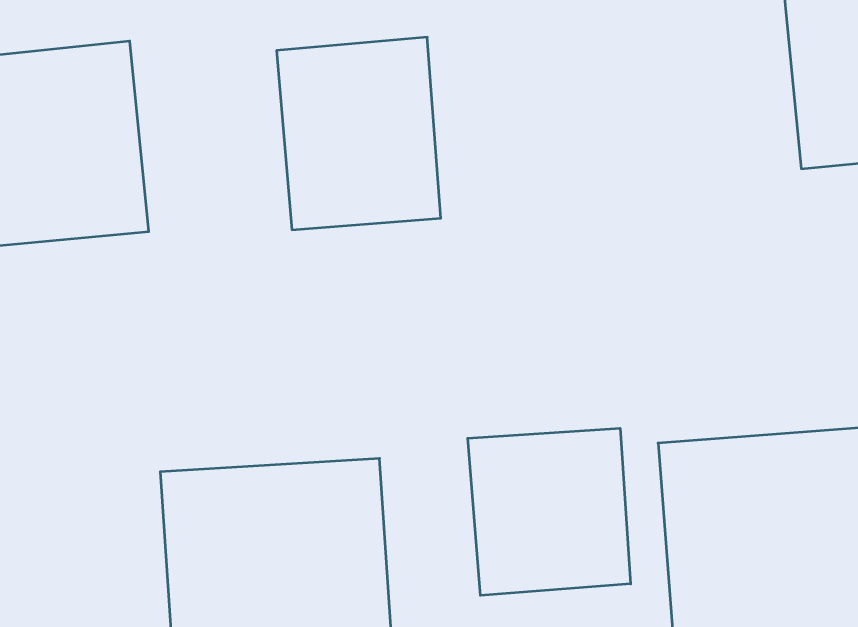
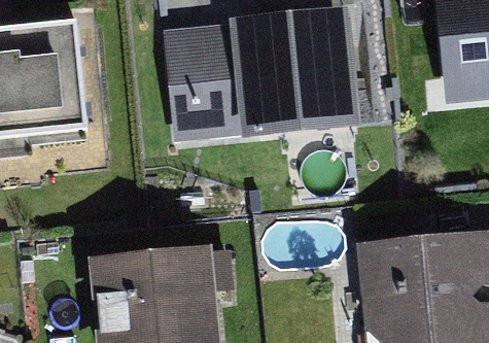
building: none -> [239,14,368,122]
building: [468,428,631,595] -> none

